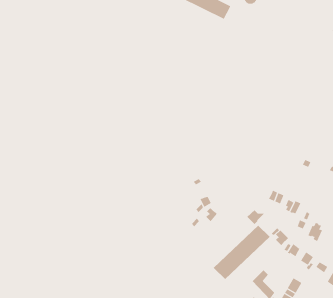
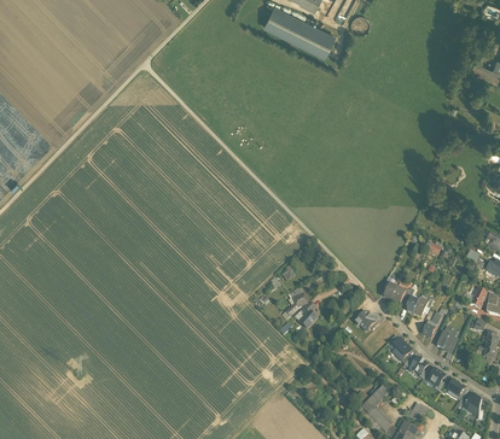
building: [213,225,270,280] -> none

